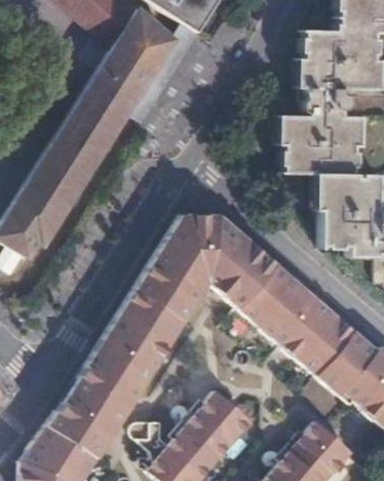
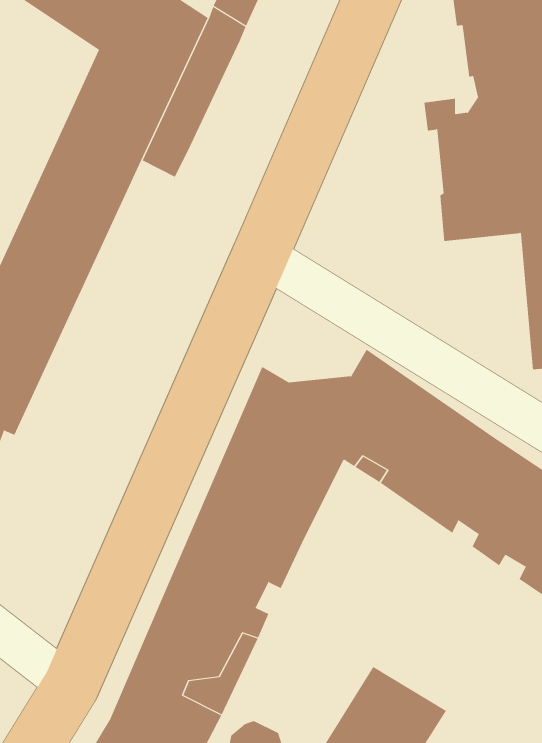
building: [174,213,230,237] -> none

